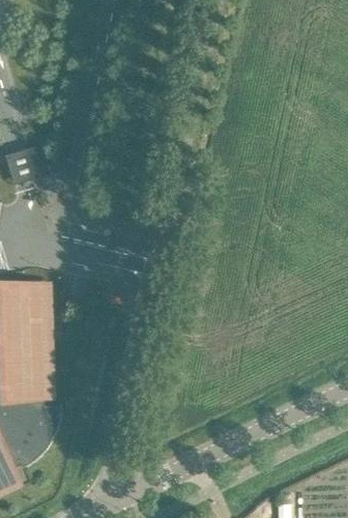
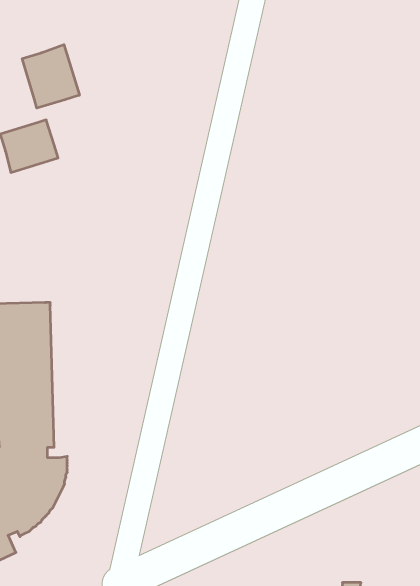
building: none -> [22,45,79,108]

